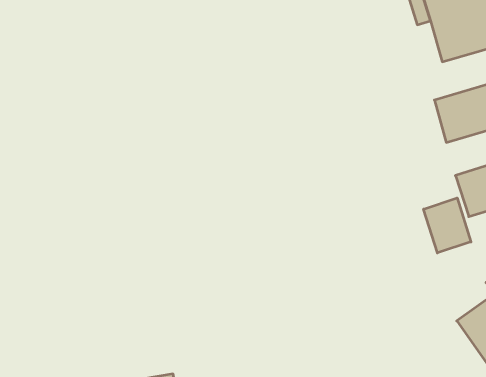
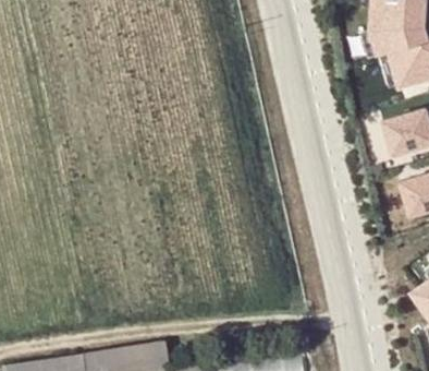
building: [424,198,471,253] -> none

